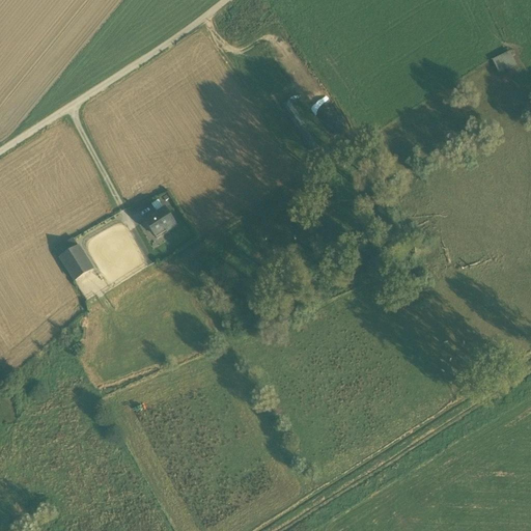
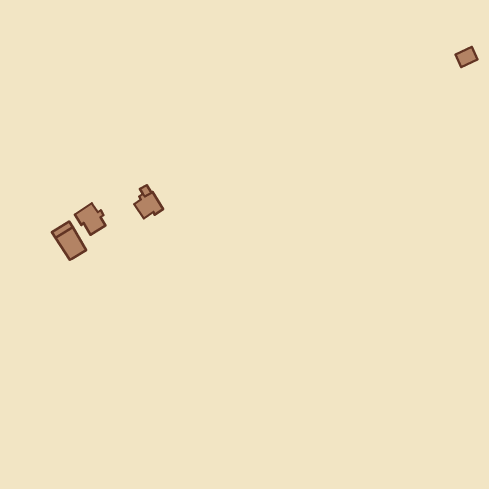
building: none -> [75,203,105,235]

